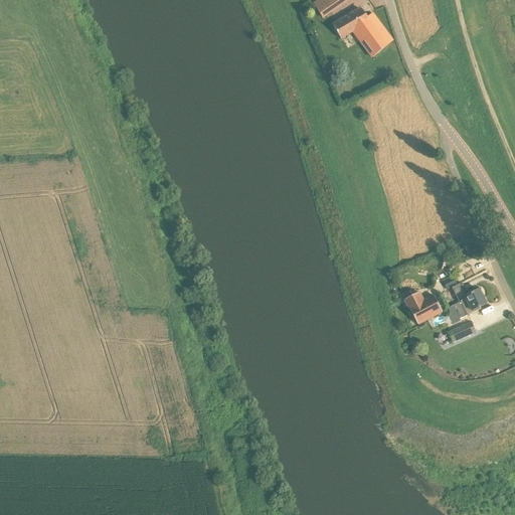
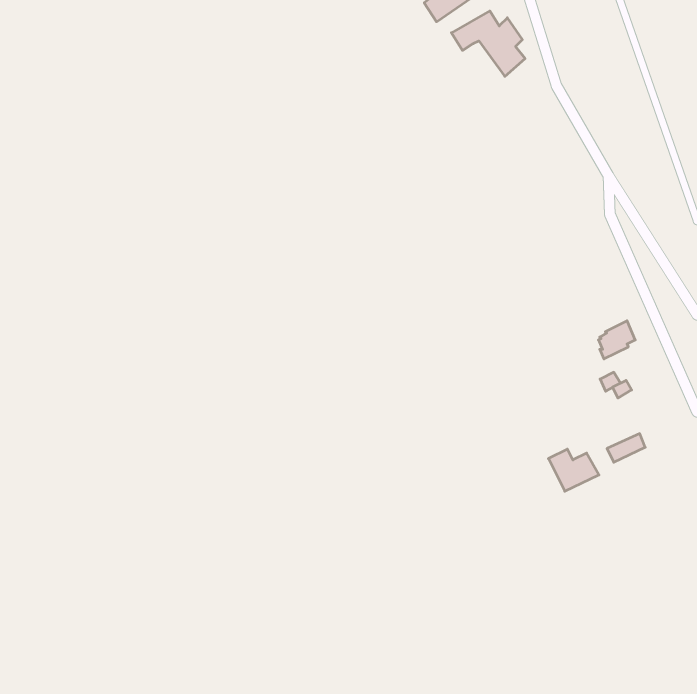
building: [459,288,486,316] -> [598,321,635,359]
building: [405,291,443,322] -> [548,449,599,491]

